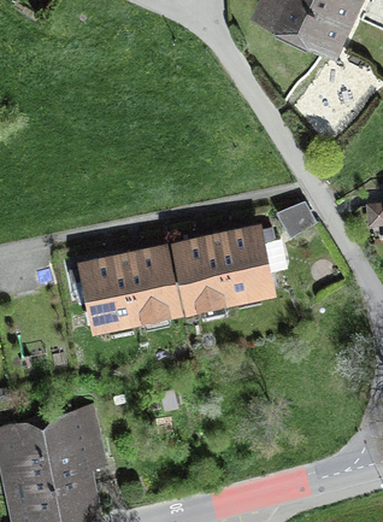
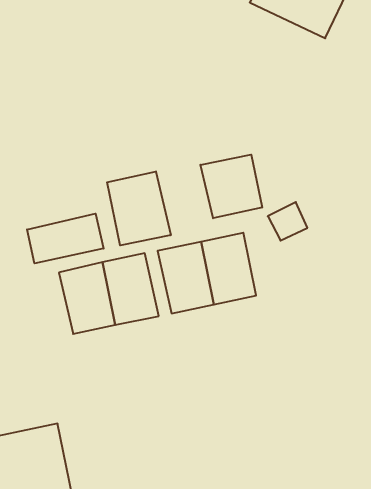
building: none -> [200,155,262,218]
building: none -> [107,171,171,245]
building: none -> [27,214,104,263]

